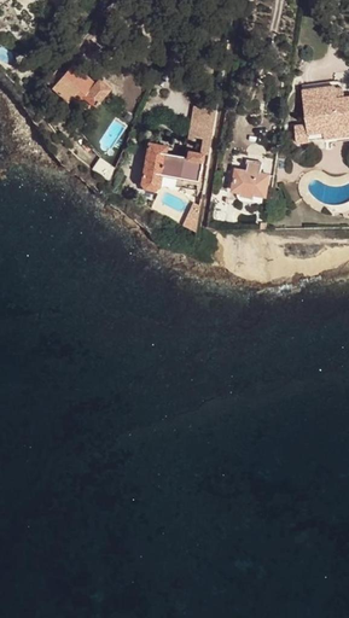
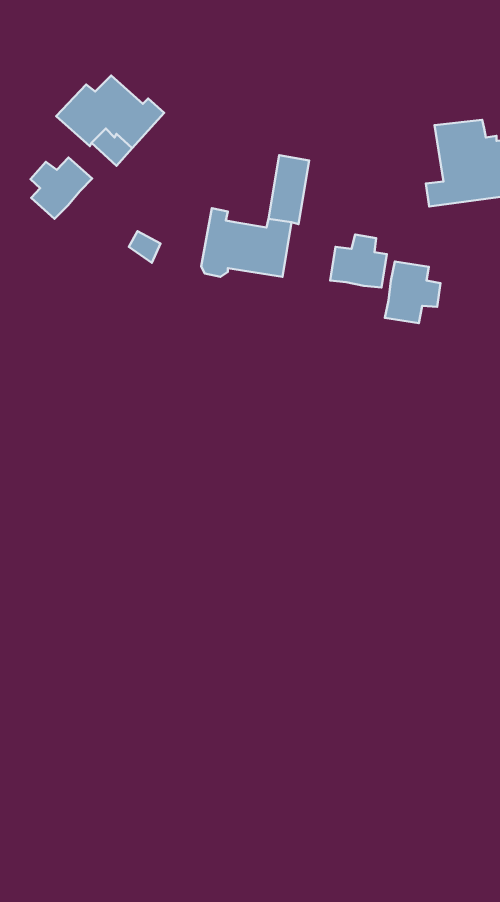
building: none -> [31,158,92,219]
building: none -> [385,262,441,323]

